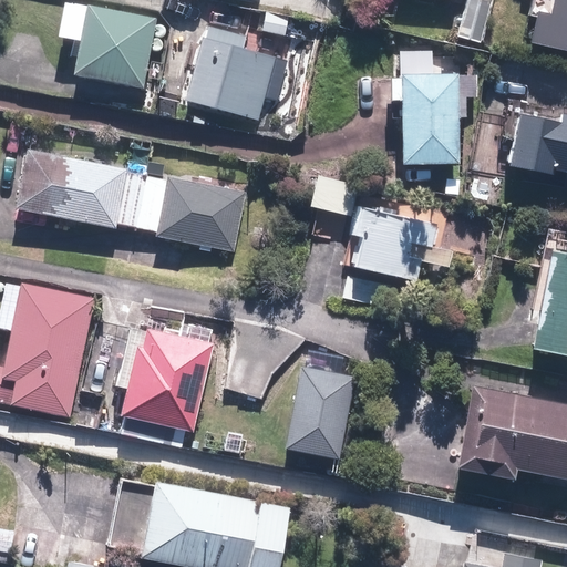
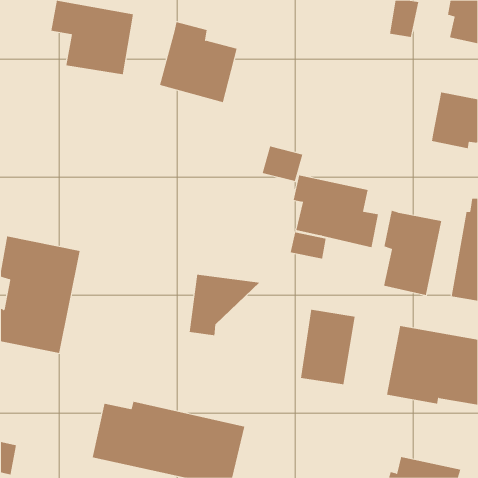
building: [391,50,462,164] -> none
building: [18,150,247,254] -> none
building: none -> [384,210,442,296]
building: [118,328,214,443] -> none
building: [289,367,354,456] -> [300,309,355,385]

